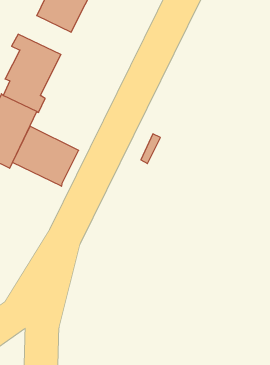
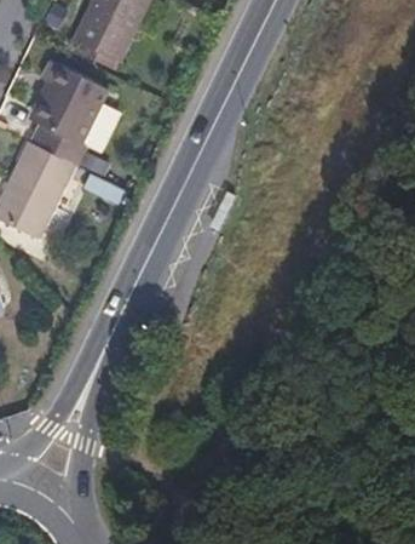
building: [12,126,79,186] -> none

